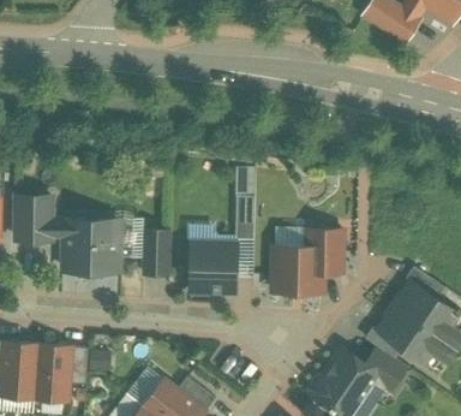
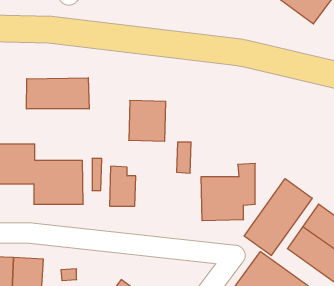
building: none -> [27,78,89,109]
building: none -> [244,179,312,256]
building: [190,242,235,292] -> [129,101,166,141]

